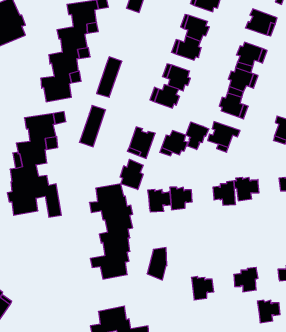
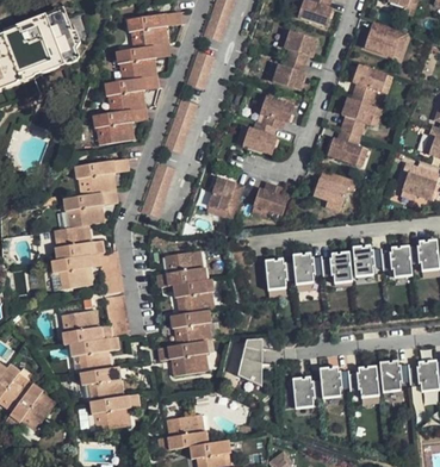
building: none -> [190,36,219,75]
building: [186,122,209,150] -> none
building: [120,159,143,190] -> none
building: none -> [382,244,413,275]
building: [148,189,171,212] -> [292,251,323,281]
building: none -> [63,299,143,435]
building: none -> [320,366,351,396]
building: [257,300,280,323] -> [379,360,409,390]

